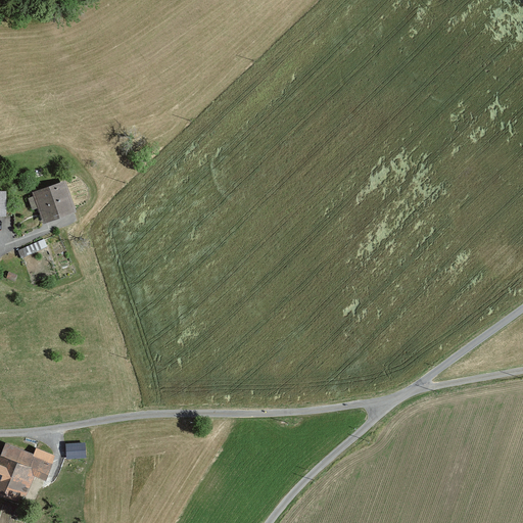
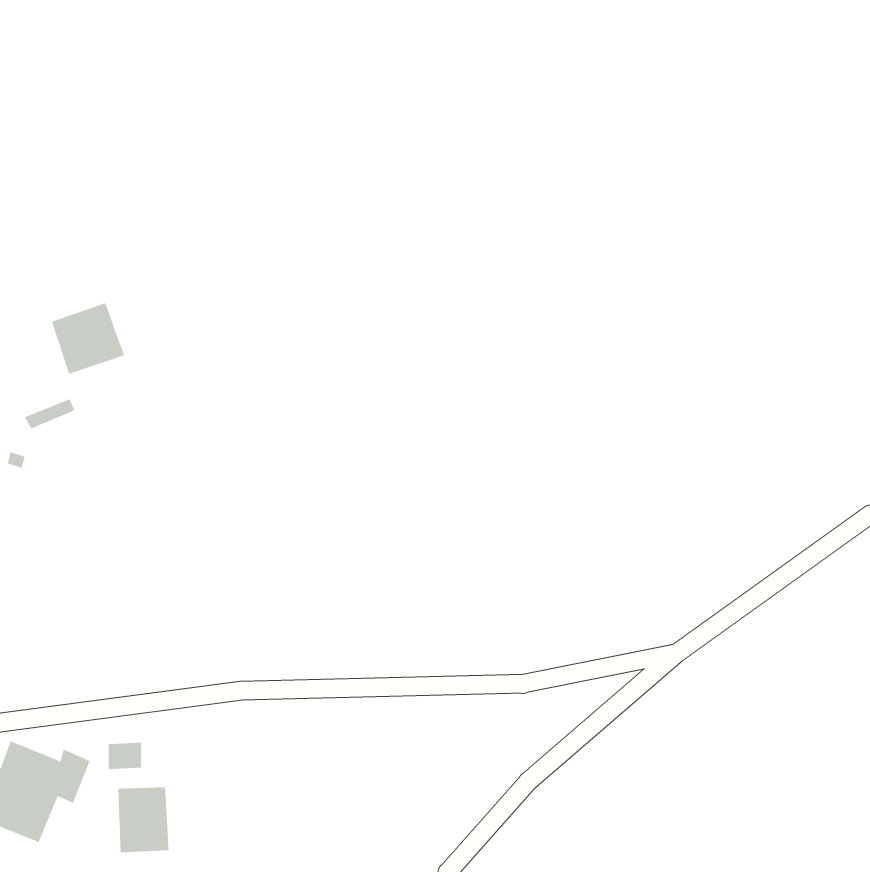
building: none -> [118,786,169,853]

